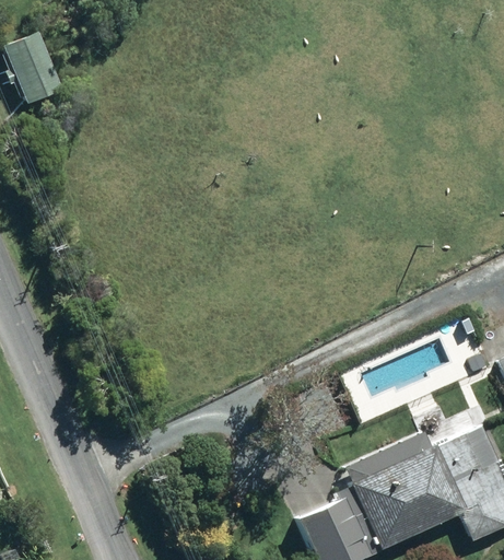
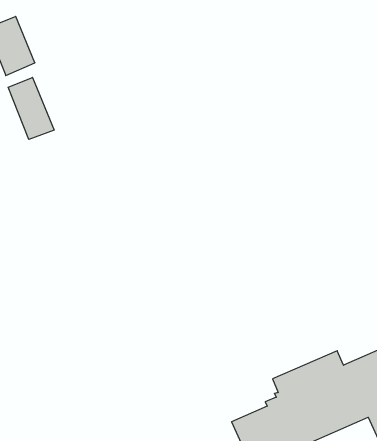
building: none -> [8,77,54,139]

